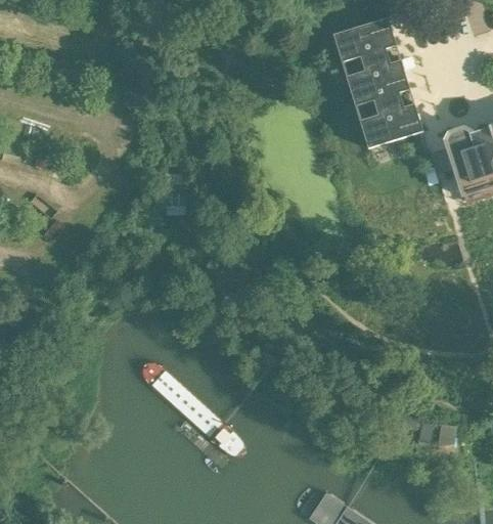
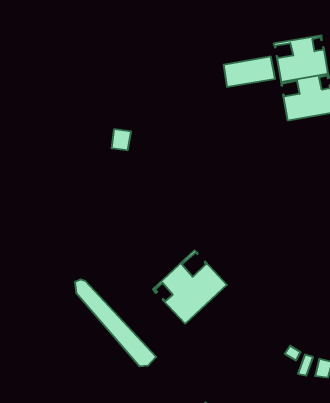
building: [332,17,395,59] -> [224,57,275,87]
building: none -> [153,250,227,324]

